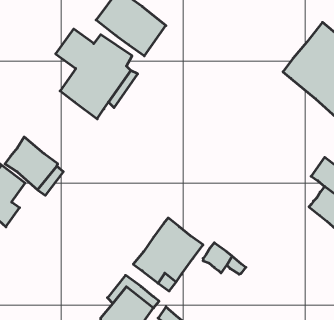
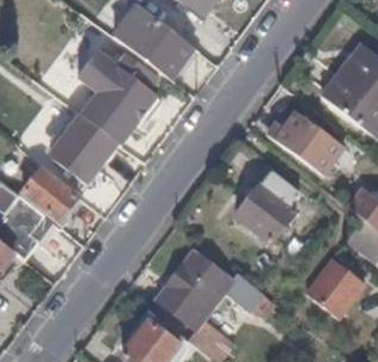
building: none -> [275,109,331,164]
building: none -> [50,113,121,184]
building: none -> [236,168,299,240]
building: none -> [307,258,366,319]

